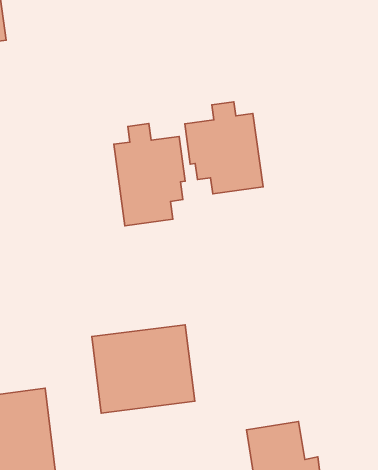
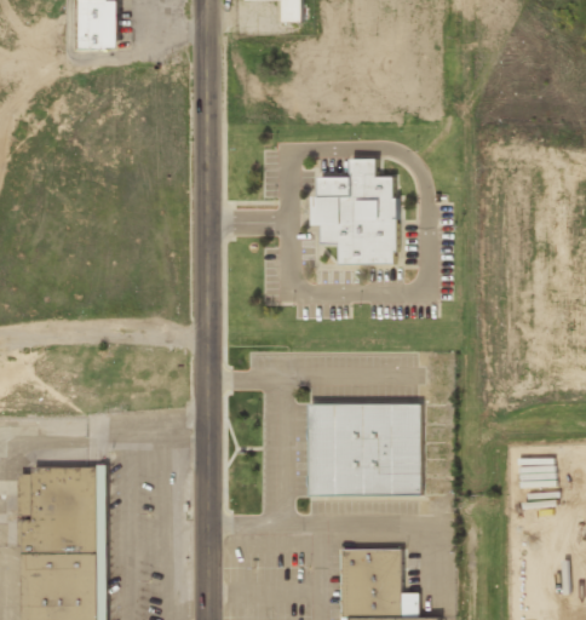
building: [114,123,185,226] -> none
building: [92,325,195,413] -> [305,402,419,495]

